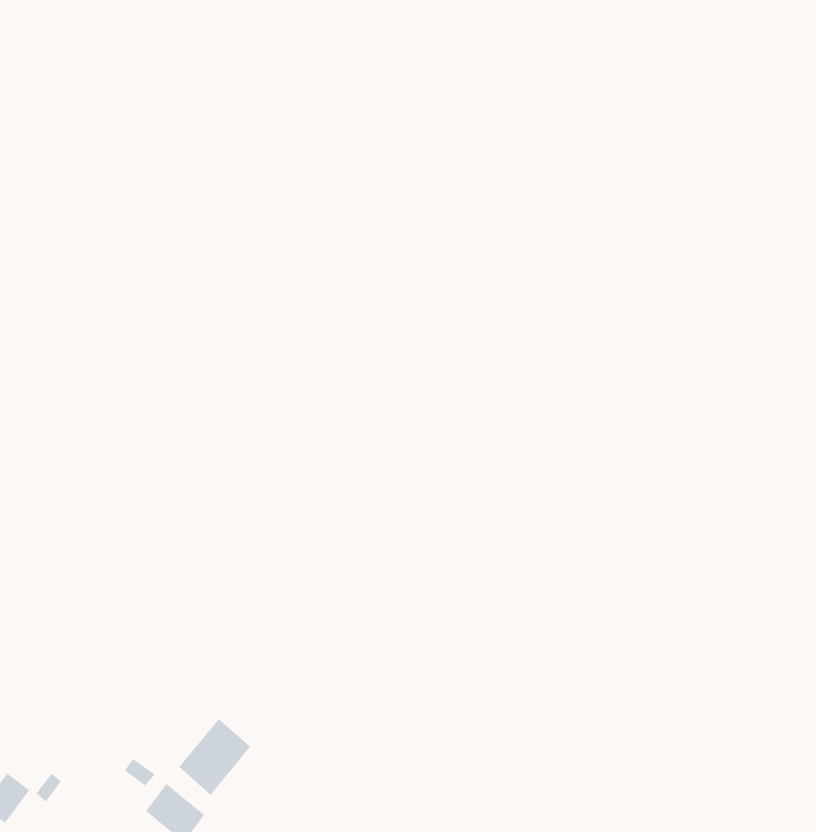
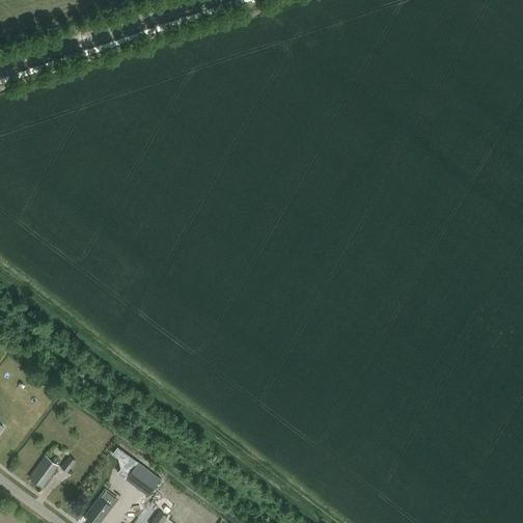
building: [179,718,251,796] -> none

